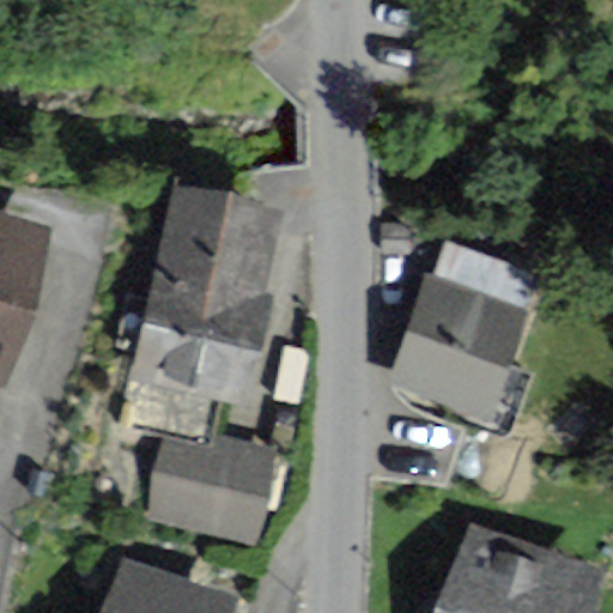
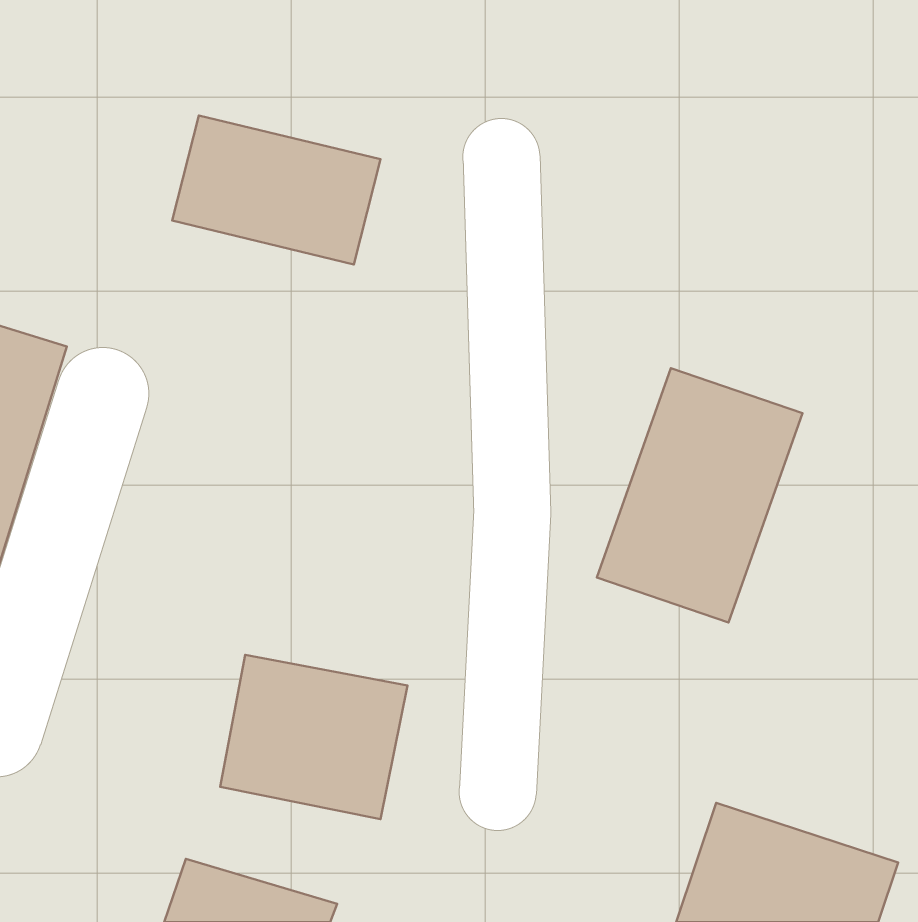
building: none -> [172,115,381,265]
building: [140,189,269,397] -> none

